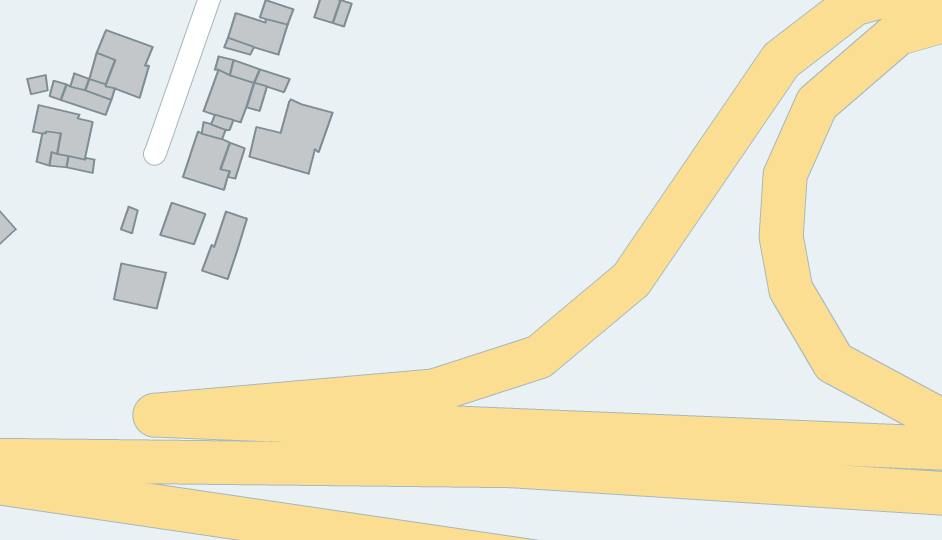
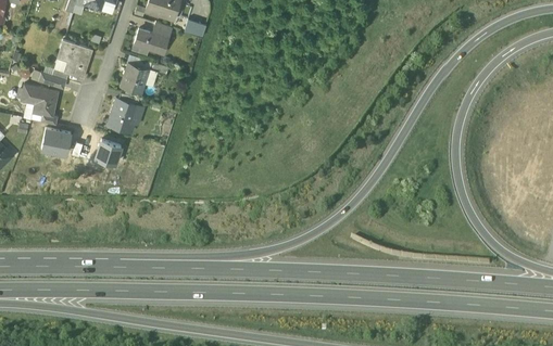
building: [249,99,333,174] -> none
building: [202,211,247,279] -> none
building: [114,263,166,308] -> [41,127,72,153]

